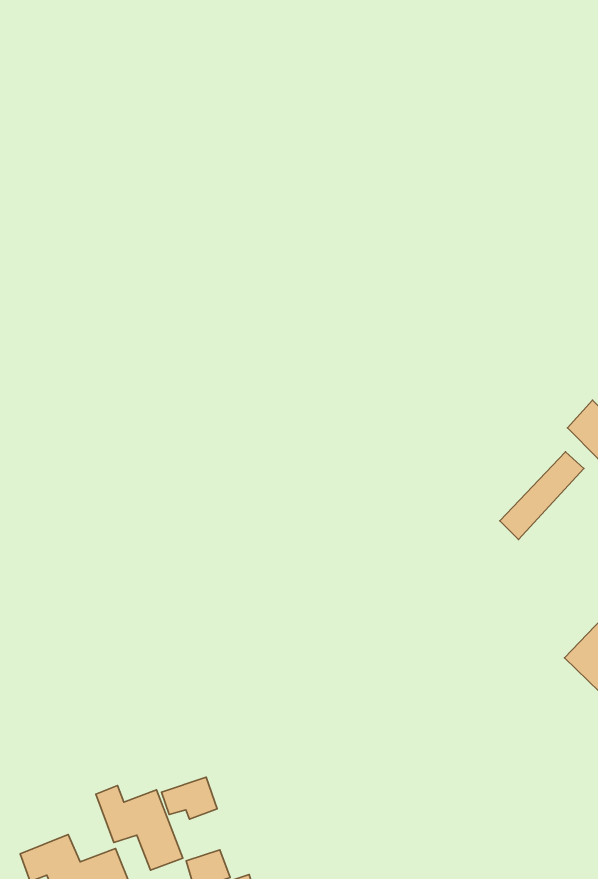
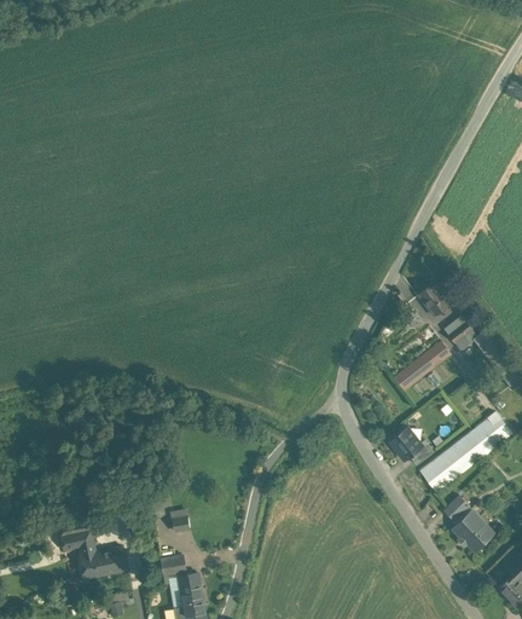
building: none -> [414,282,447,314]
building: none -> [385,427,418,459]
building: [96,785,183,870] -> none

